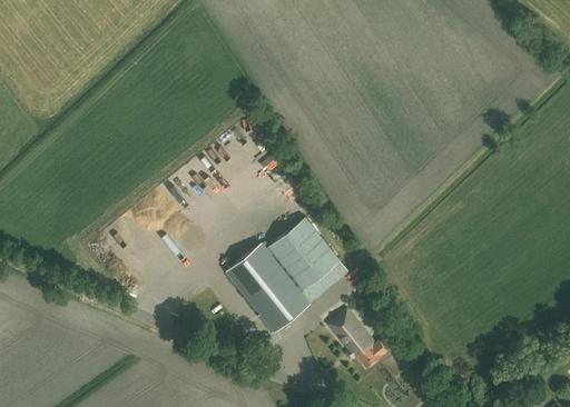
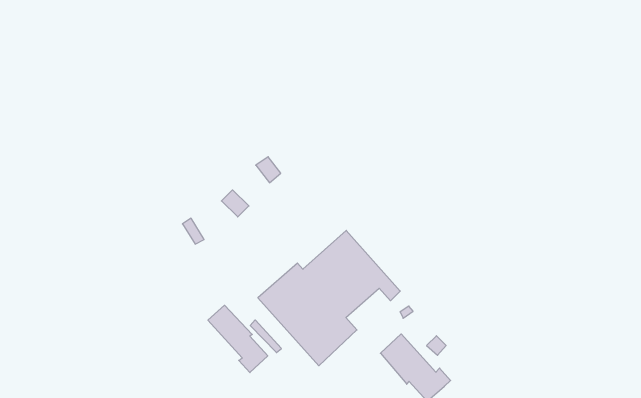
building: none -> [208,305,268,373]

